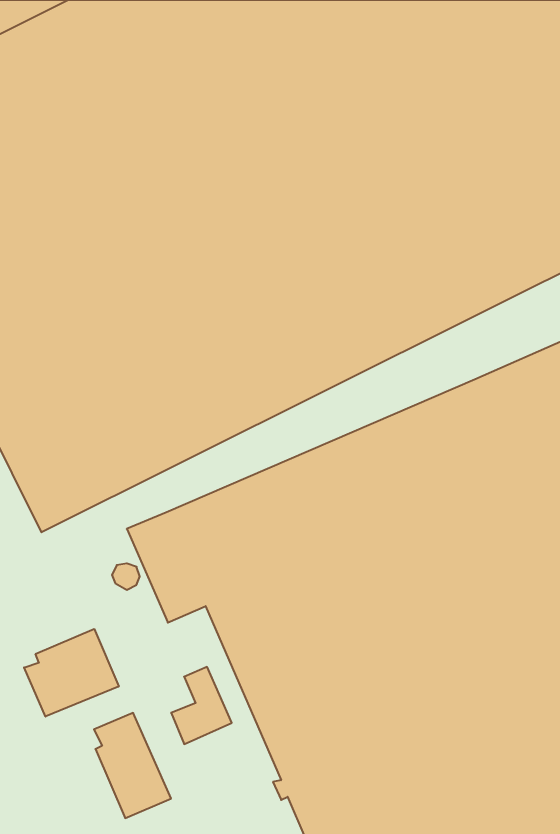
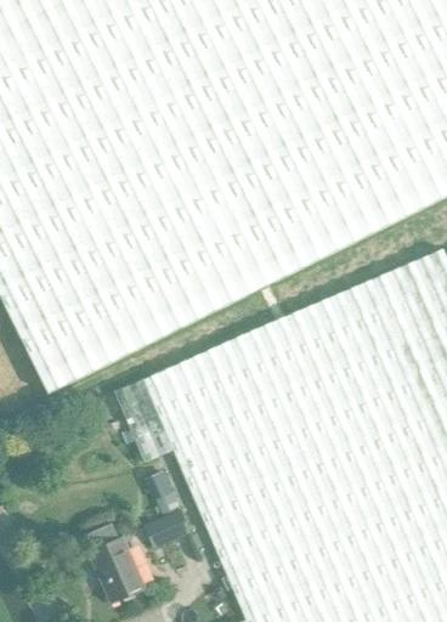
building: [24,629,119,717] -> none

